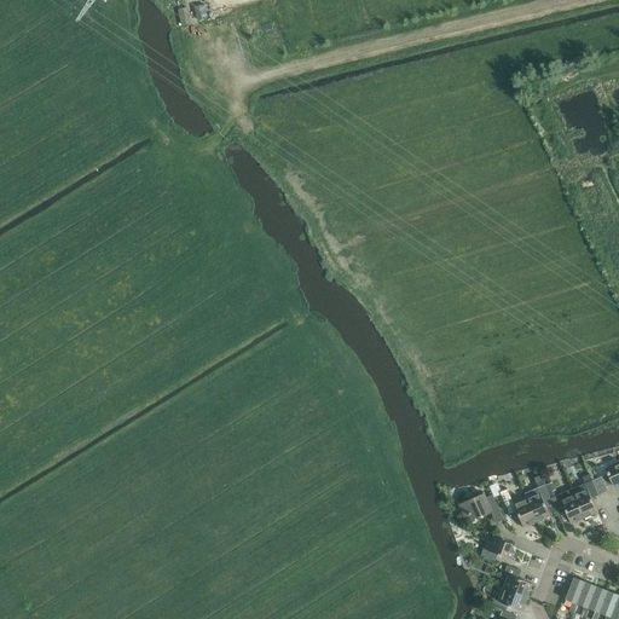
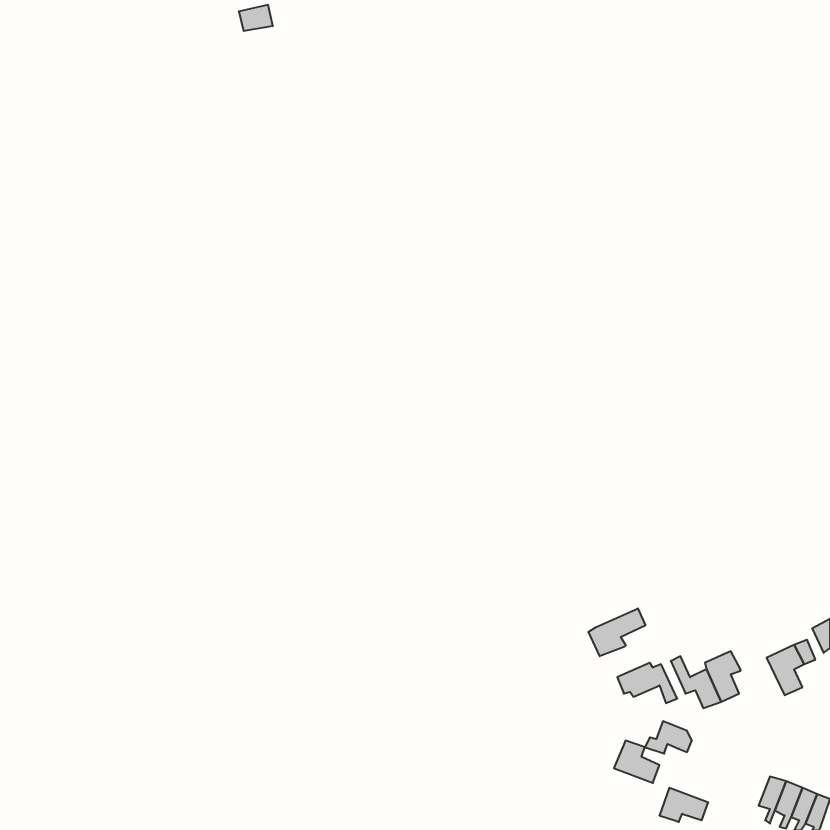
building: none -> [588,608,645,656]
building: [551,490,584,523] -> none
building: [498,566,532,597] -> [614,741,659,783]

